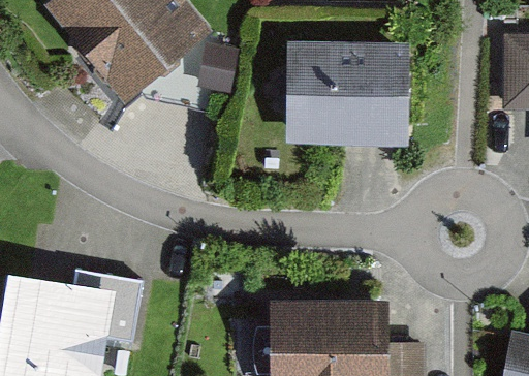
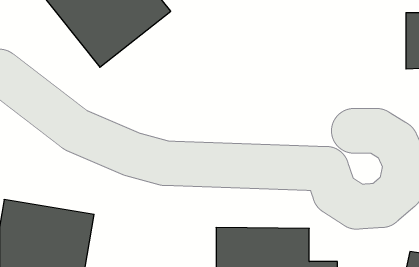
building: [285,43,408,146] -> none

